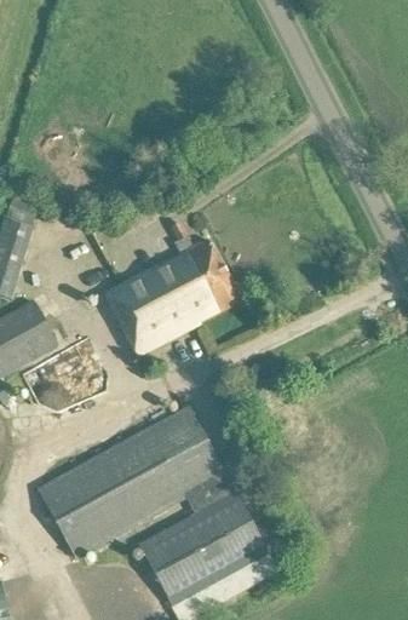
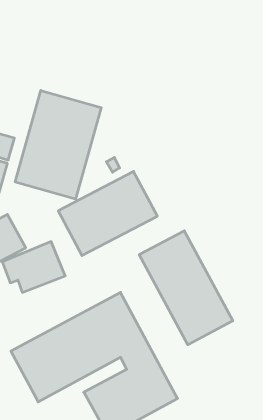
building: none -> [15,90,101,199]
building: none -> [139,231,233,345]

